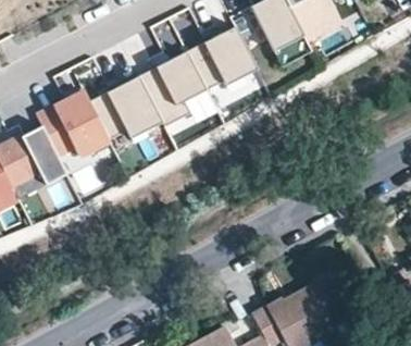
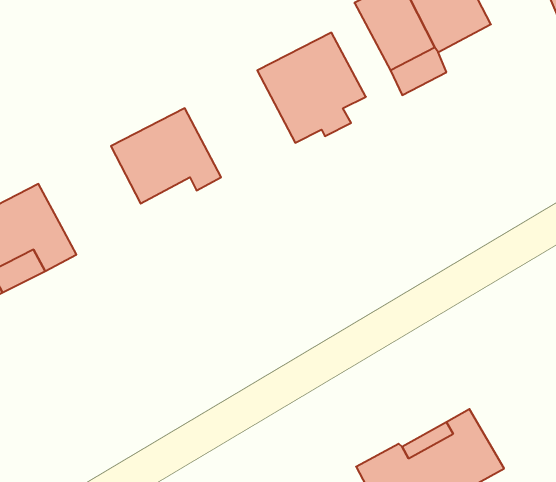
building: [138,50,211,125] -> none
building: [37,90,109,155] -> none

